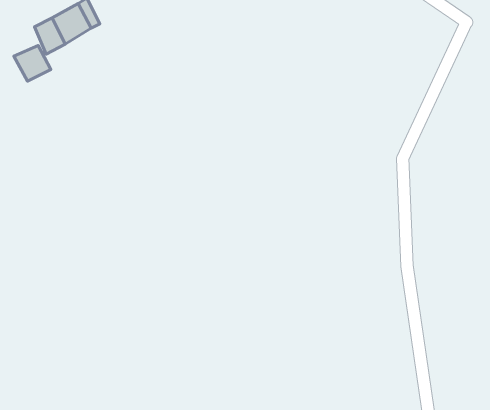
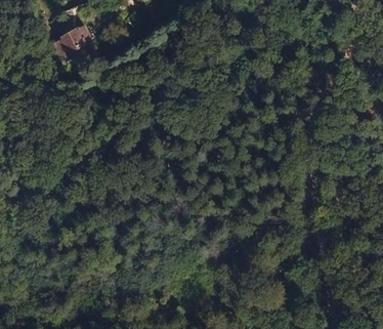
building: [14,45,51,81] -> none

